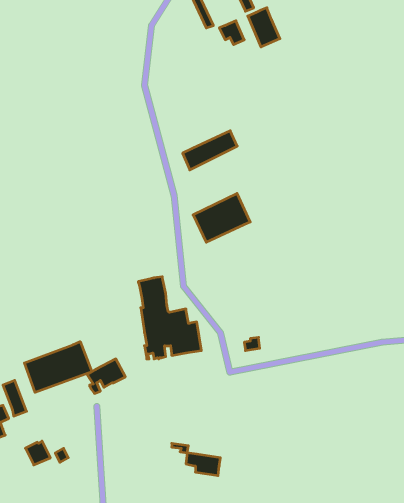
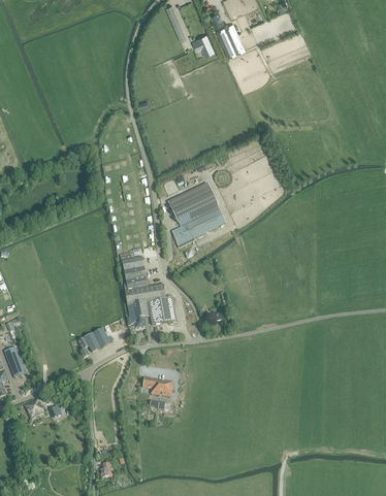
building: [183,131,237,170] -> [172,210,220,244]
building: [24,342,92,392] -> none
building: [186,453,220,476] -> [143,376,173,396]

